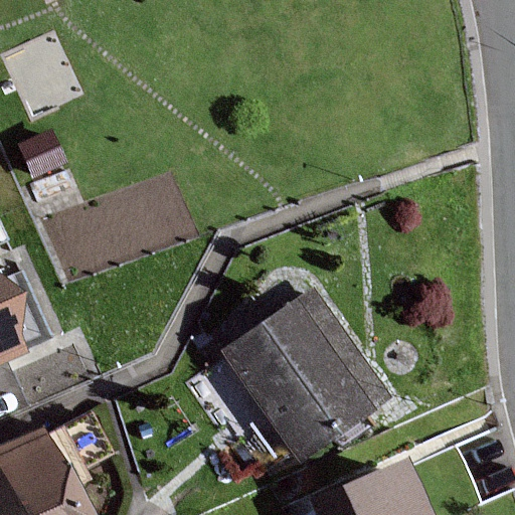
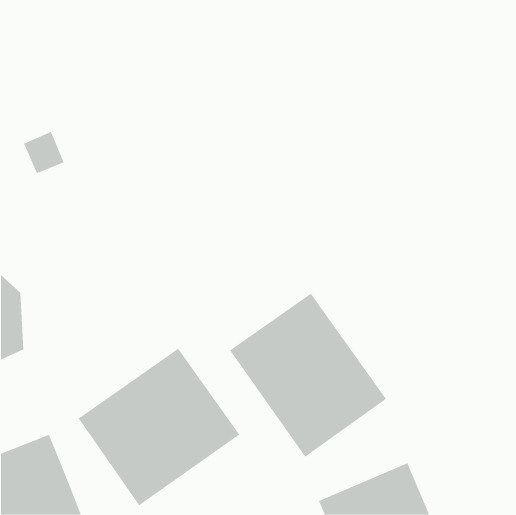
building: none -> [78,348,240,506]

